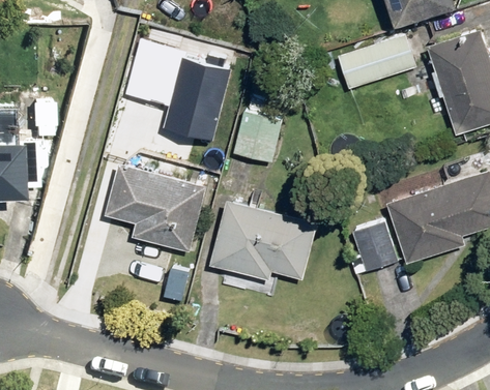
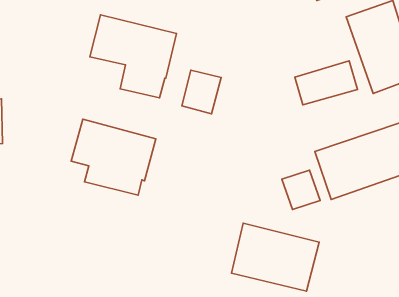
building: [341,36,413,87] -> [295,61,357,105]
building: [209,203,311,281] -> [232,223,319,291]

